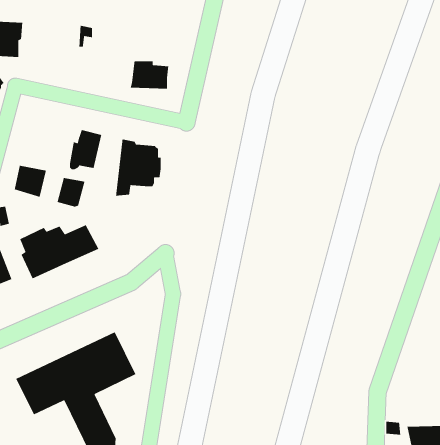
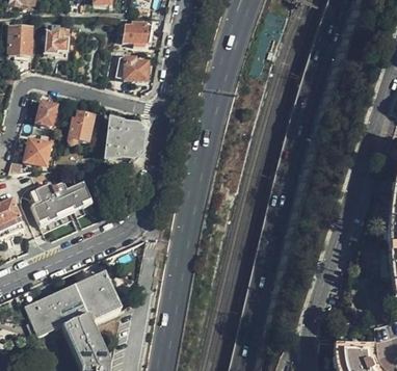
building: none -> [122,21,152,42]
building: none -> [44,24,70,52]
building: [56,177,85,208] -> [35,101,58,125]

